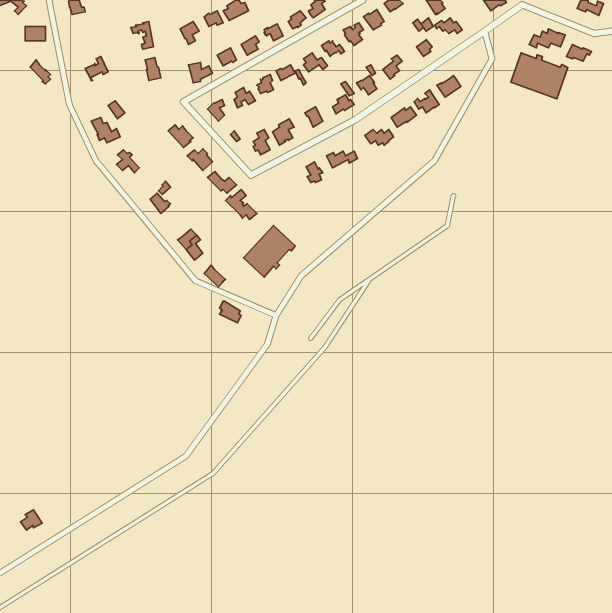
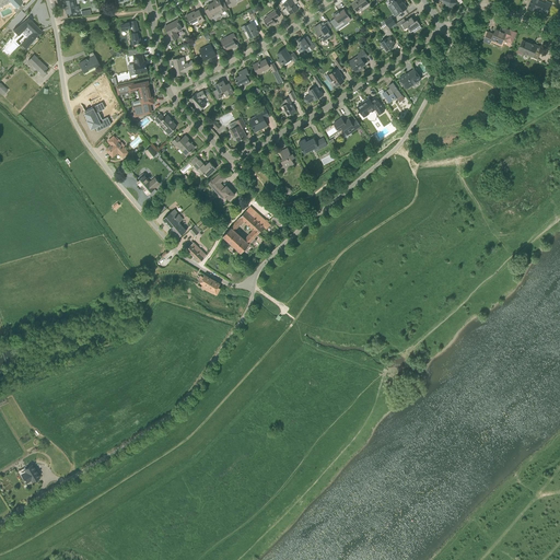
building: [511,53,568,99] -> none
building: none -> [116,82,152,116]

